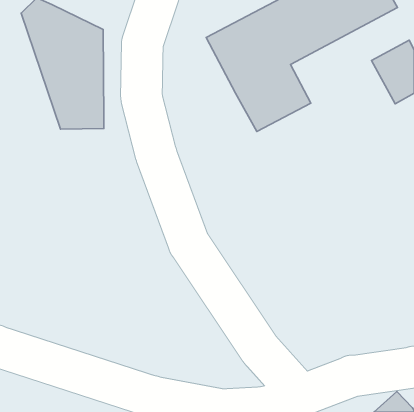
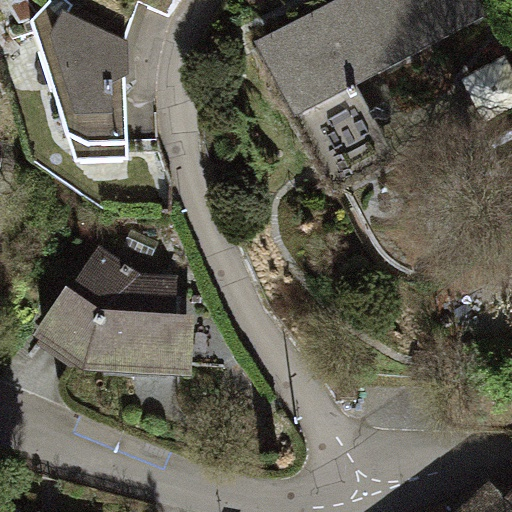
building: none -> [35,246,195,374]

